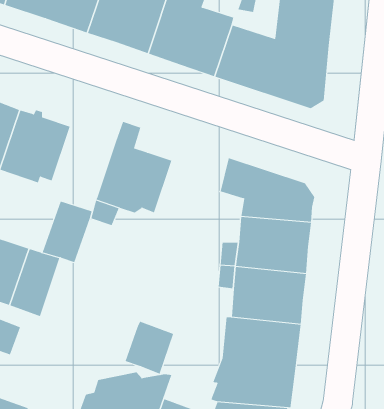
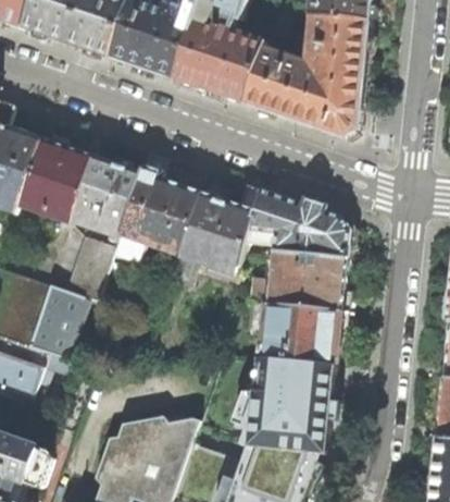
building: none -> [71,156,138,231]
building: none -> [170,184,257,282]
building: [125,321,174,375] -> none

